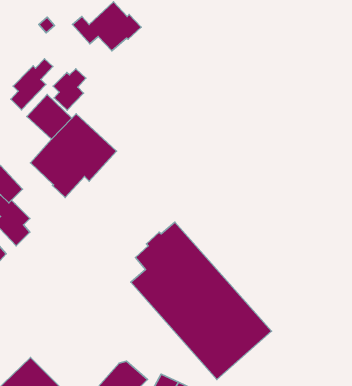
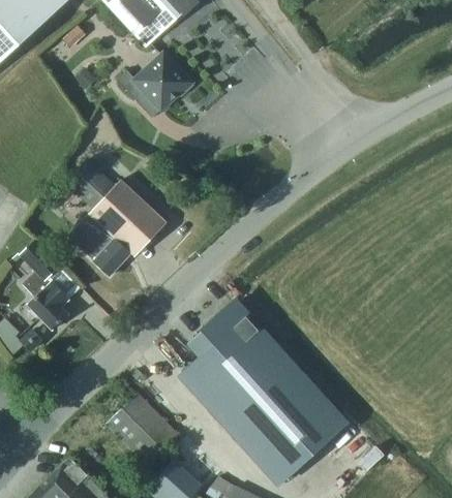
building: [11,59,53,110] -> none
building: [53,69,86,110] -> none
building: none -> [107,394,179,467]

